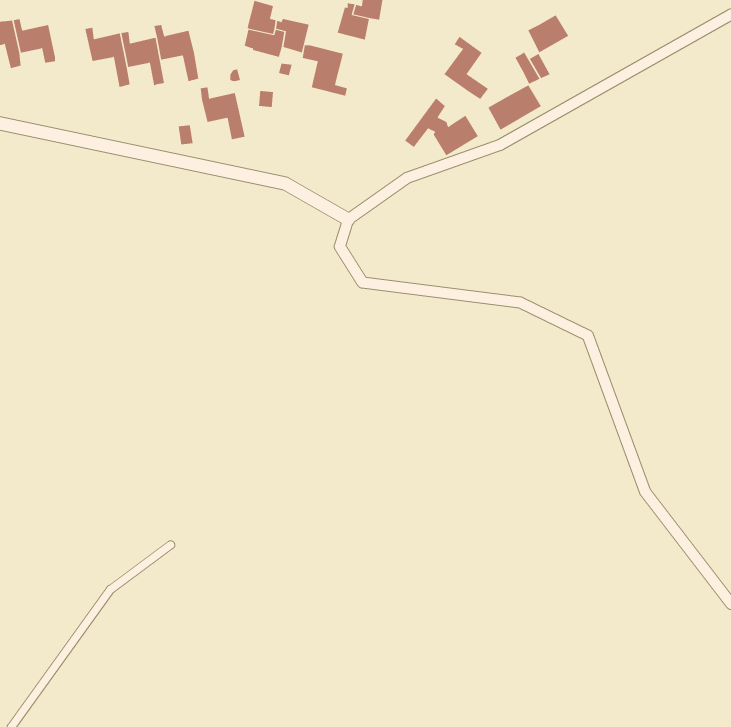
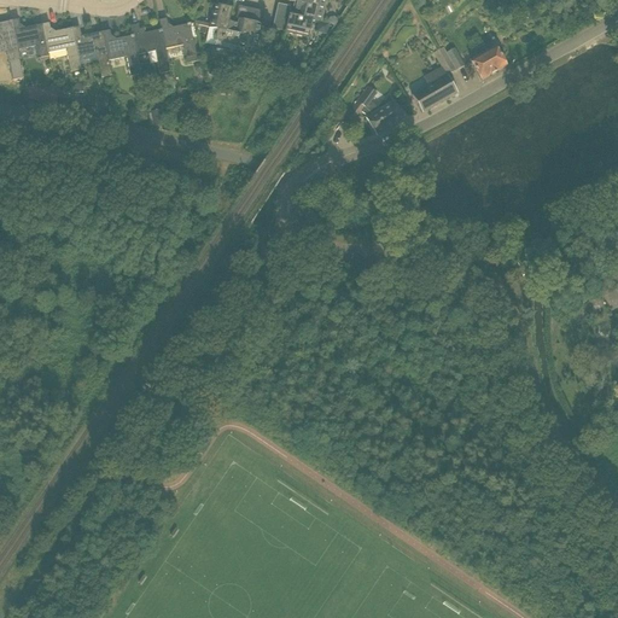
building: [527,14,569,53] -> [470,43,505,76]
building: none -> [41,19,80,68]
building: [444,36,489,100] -> none
building: [302,45,348,97] -> none
building: [200,87,246,140] -> [158,14,197,59]

